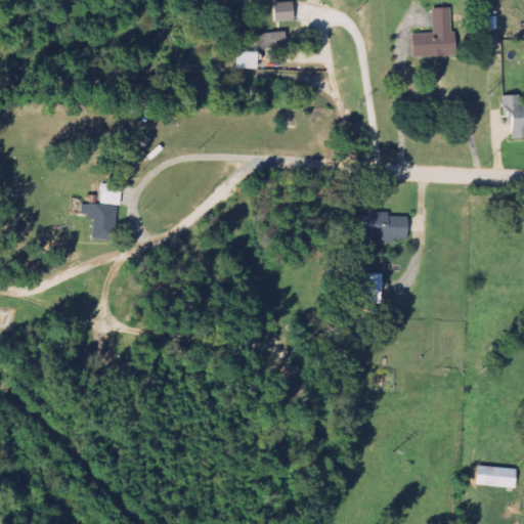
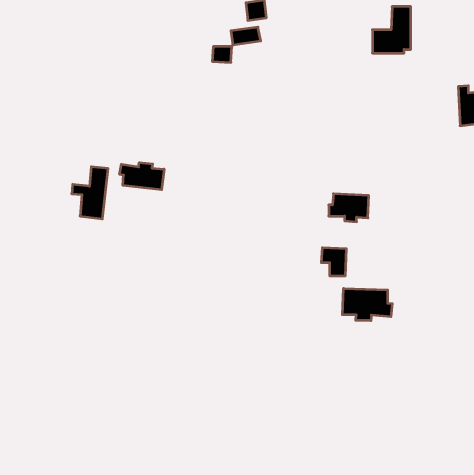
building: none -> [120,163,164,190]
building: none -> [342,288,392,321]
building: [473,466,516,487] -> none

